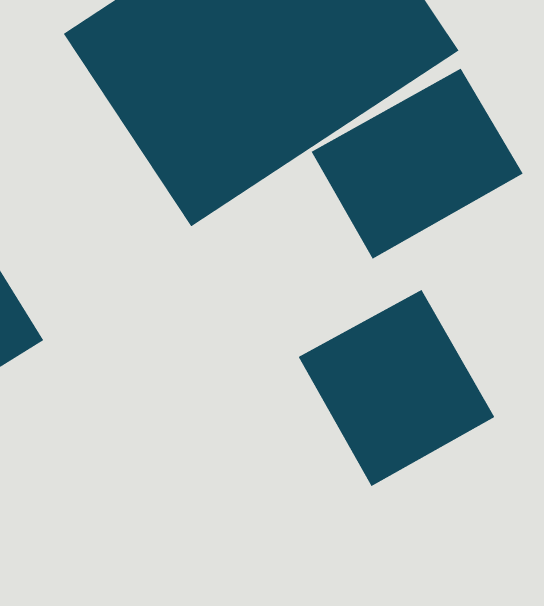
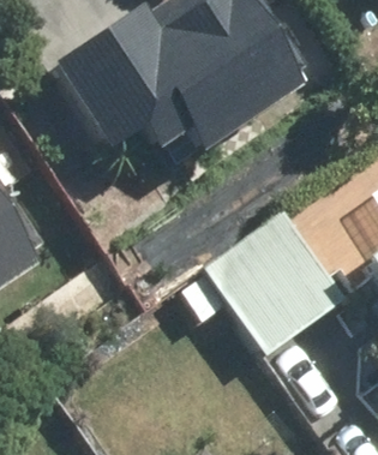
building: [311,68,524,259] -> none

